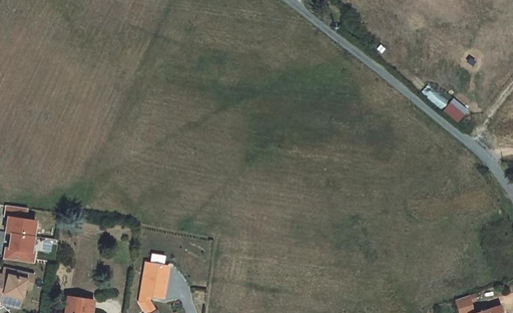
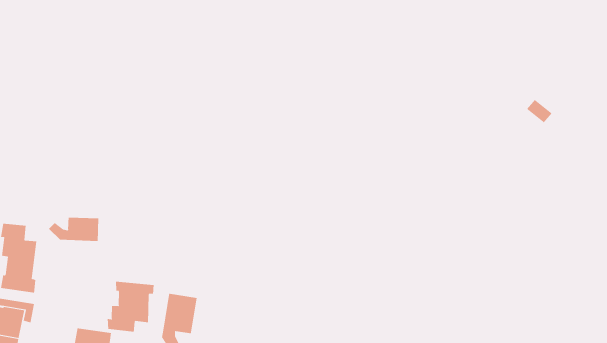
building: none -> [48,217,99,242]
building: none -> [107,281,154,333]

